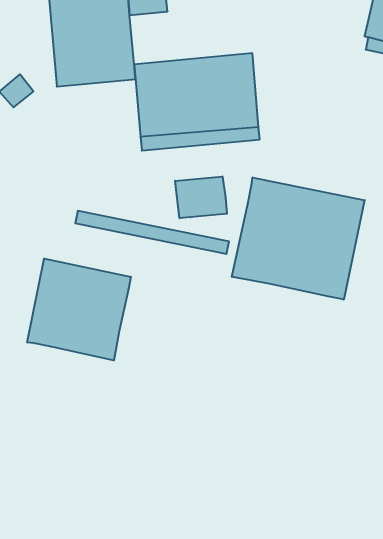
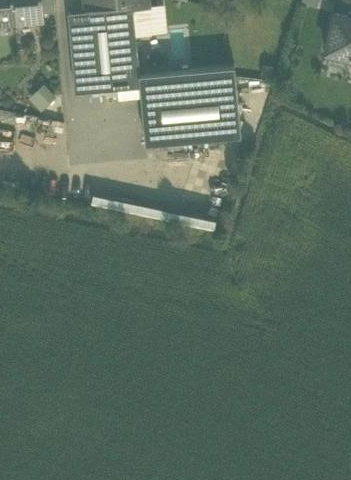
building: [175,176,227,218] -> none
building: [232,177,365,300] -> none
building: [27,259,131,360] -> none

